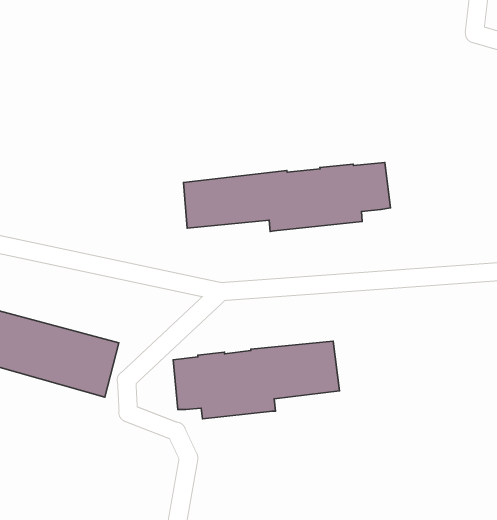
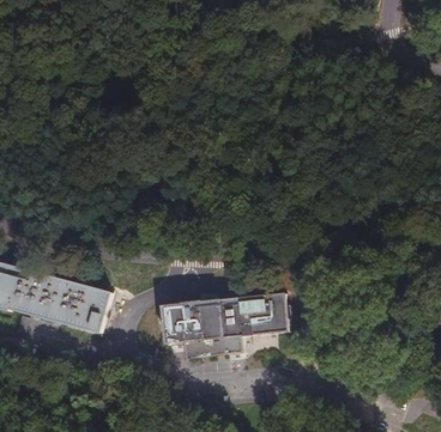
building: [183,163,391,231] -> none

